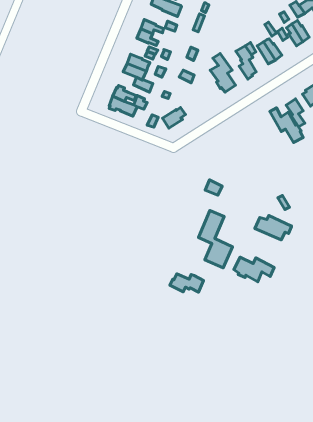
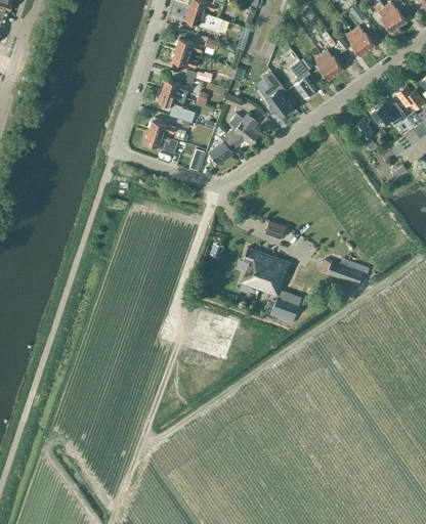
building: none -> [225,114,258,146]
building: [270,108,303,143] -> none
building: none -> [241,248,271,290]
building: [234,257,274,282] -> none
building: [170,274,204,292] -> none

